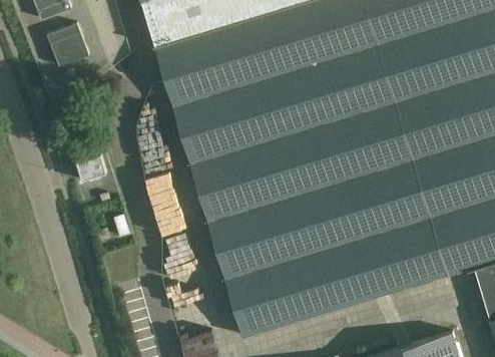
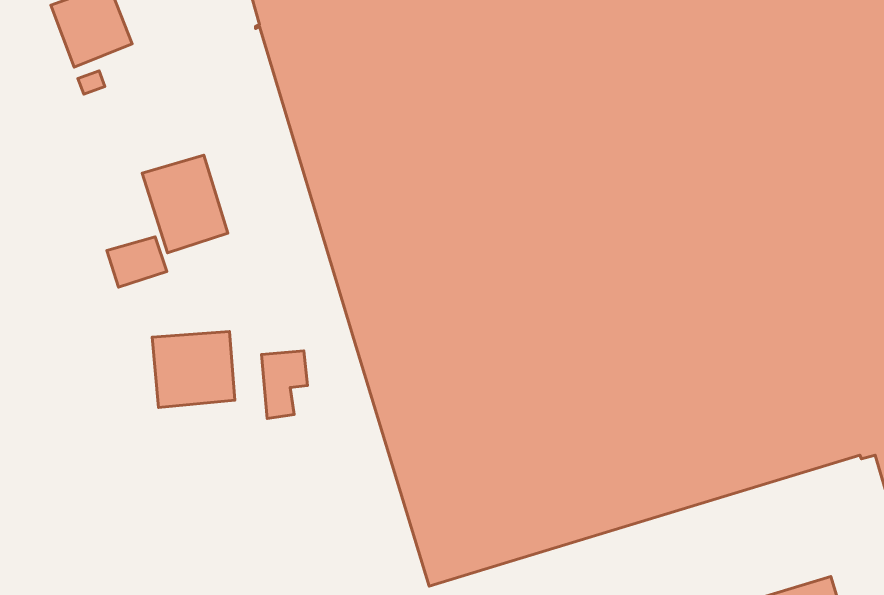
building: none -> [142,155,228,253]
building: none -> [152,332,235,407]

